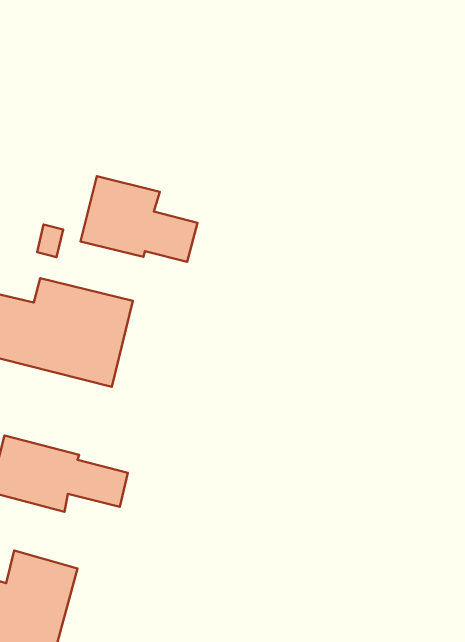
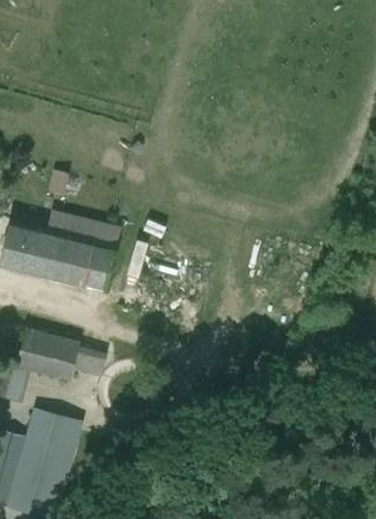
building: [80,176,197,262] -> none

